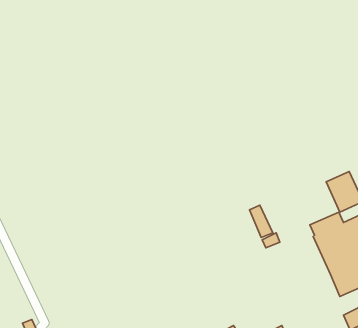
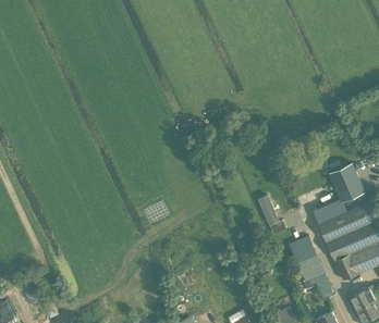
building: none -> [290,237,333,299]

